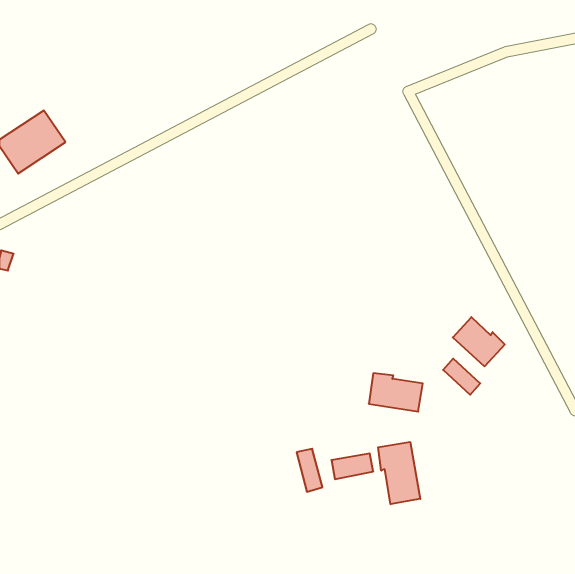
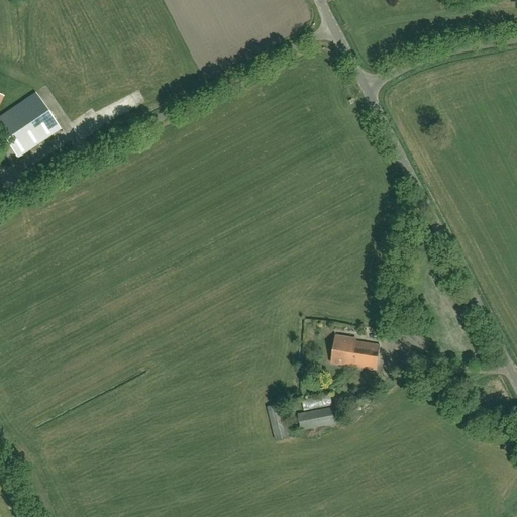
building: [453,317,505,366] -> none
building: [378,442,420,504] -> none

